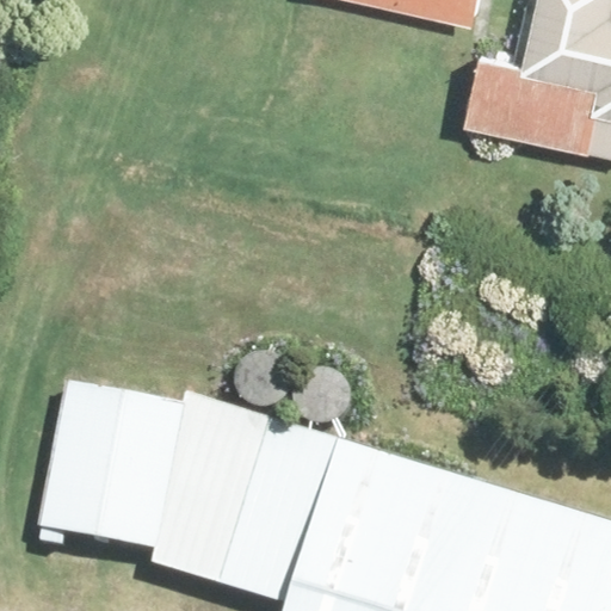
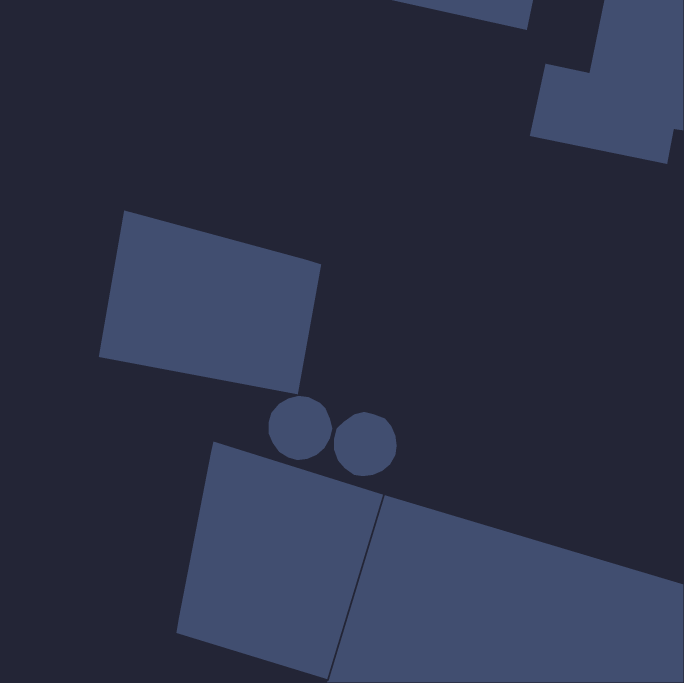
building: none -> [98,210,322,395]
building: [44,382,187,550] -> none

